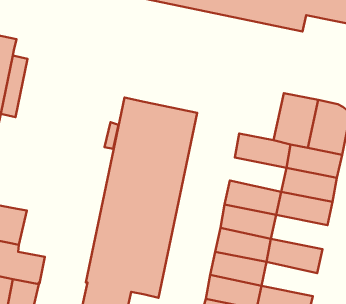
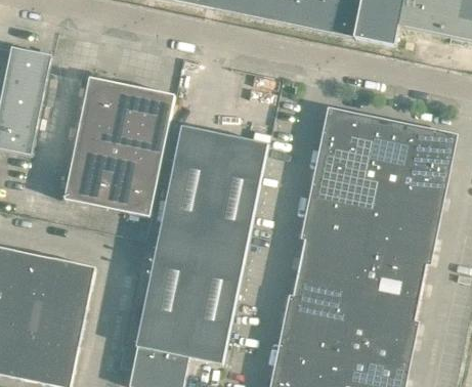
building: none -> [57,73,173,216]
building: none -> [317,114,371,175]
building: none -> [306,196,374,236]
building: none -> [53,259,94,314]
building: none -> [355,264,423,305]
building: none -> [344,320,411,361]

